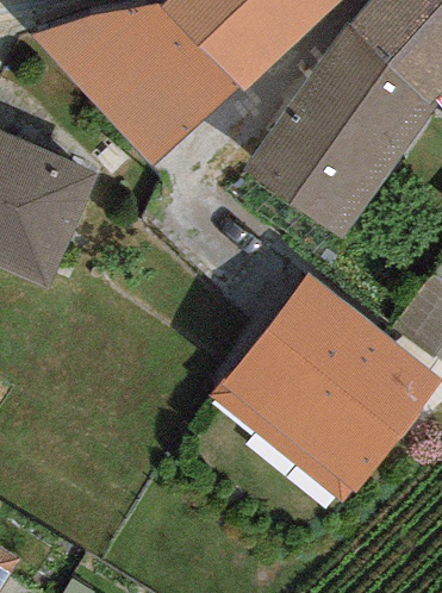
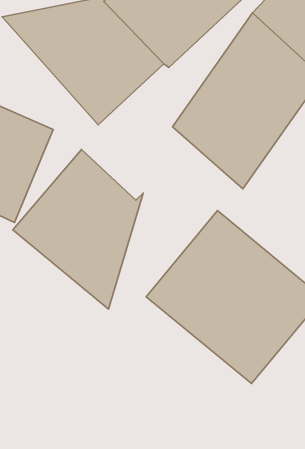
building: none -> [13,149,143,309]

